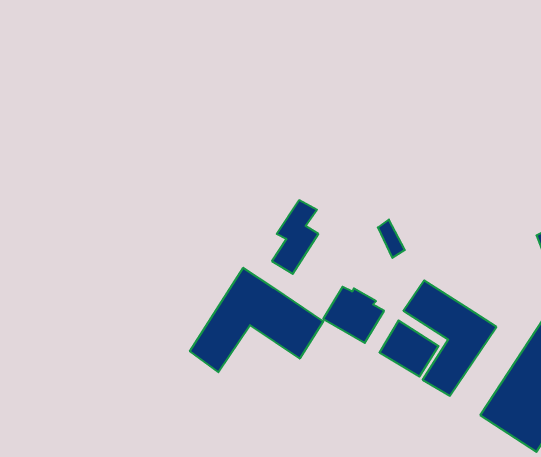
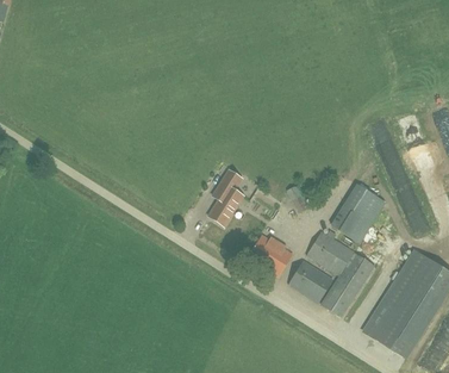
building: none -> [331,182,386,241]
building: [190,268,323,372] -> none

